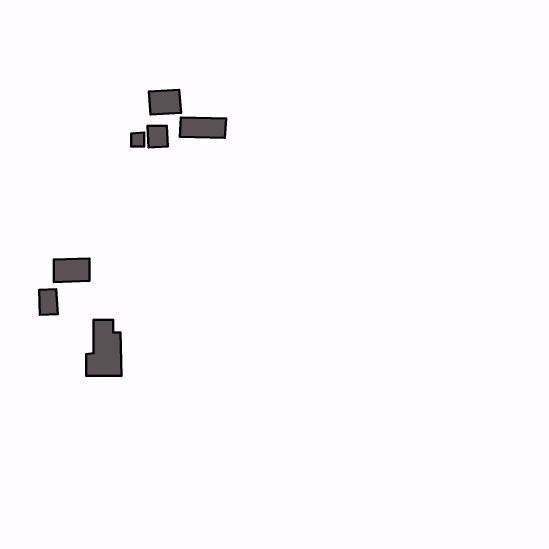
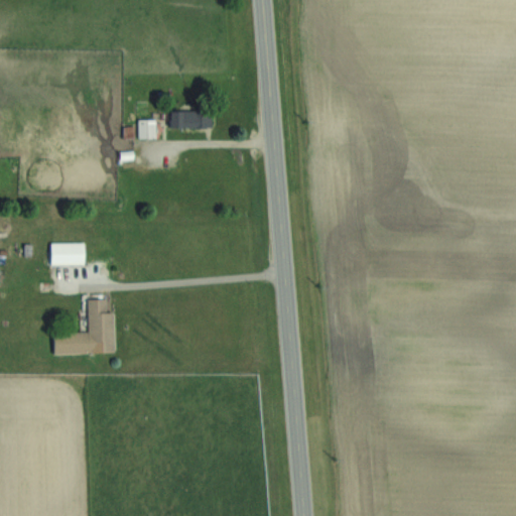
building: [149,90,181,114] -> none
building: [39,289,58,315] -> none

